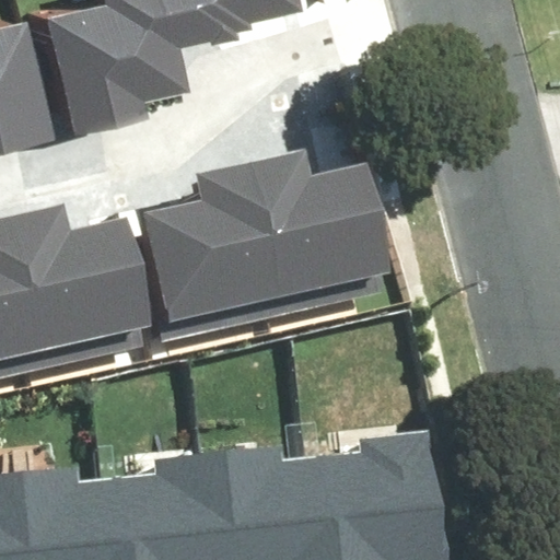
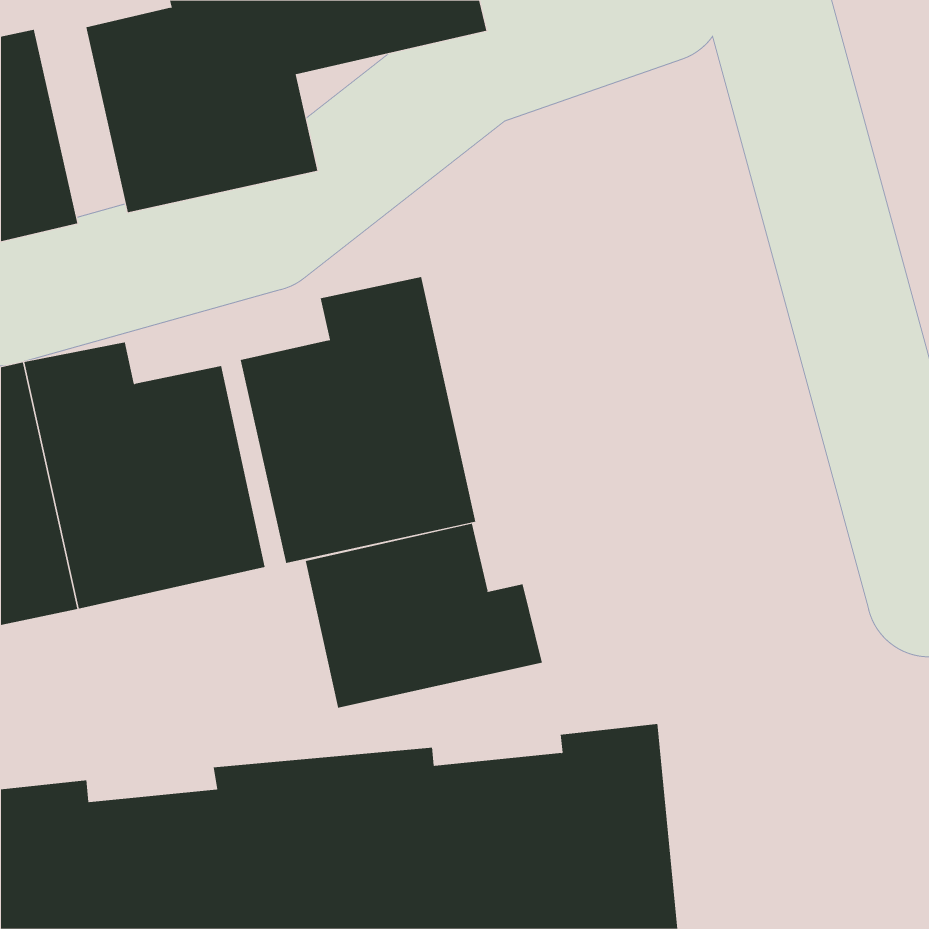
building: [254,153,399,314] -> none
building: none -> [305,523,542,709]

